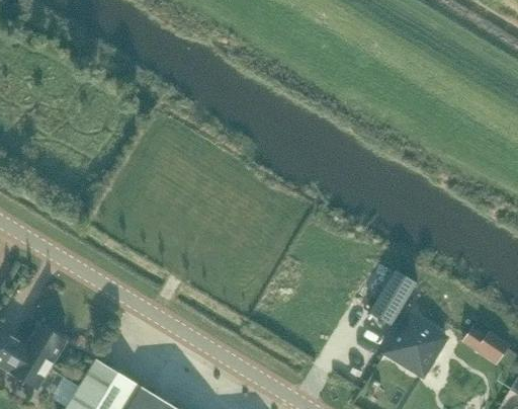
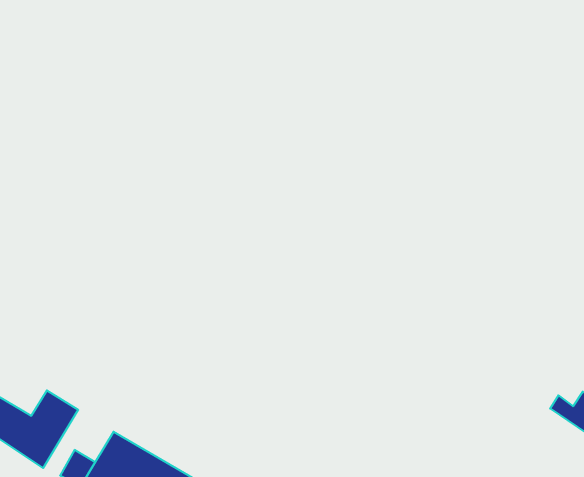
building: [369,269,417,325] -> none
building: [385,315,446,376] -> none

